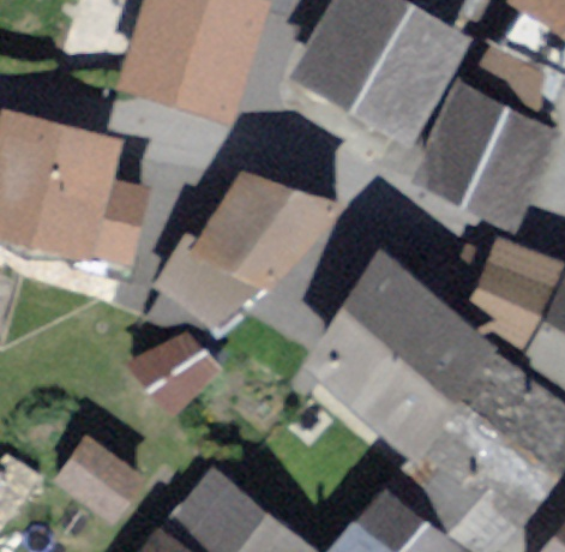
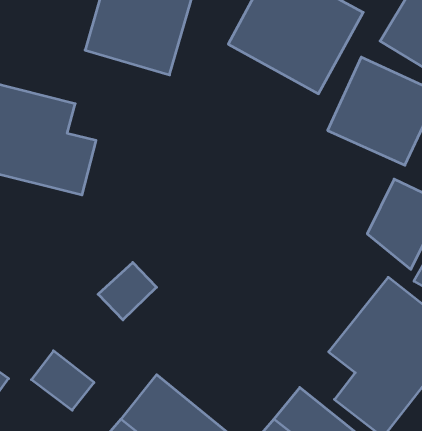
building: [163,184,320,316] -> none
building: [305,256,499,446] -> none

